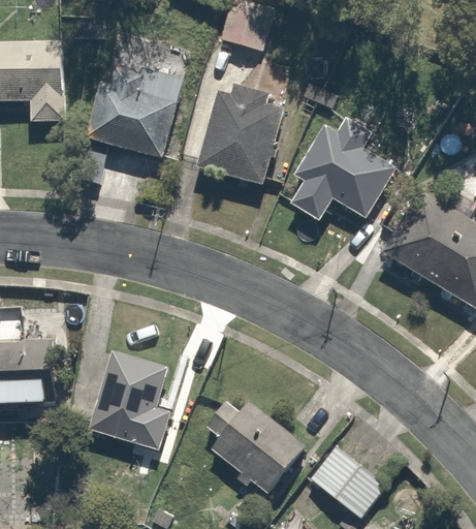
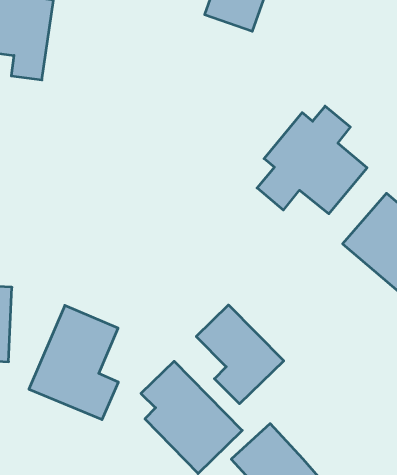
building: [85,54,182,157] -> none
building: [194,86,286,187] -> none
building: none -> [196,305,284,404]

